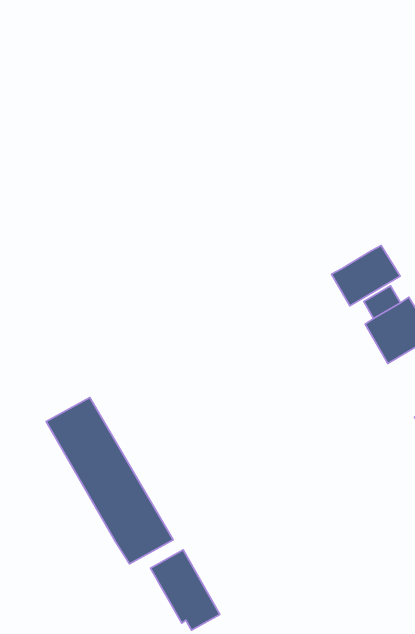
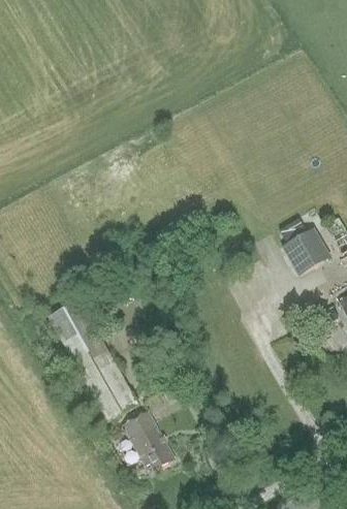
building: [332,246,400,306] -> none

